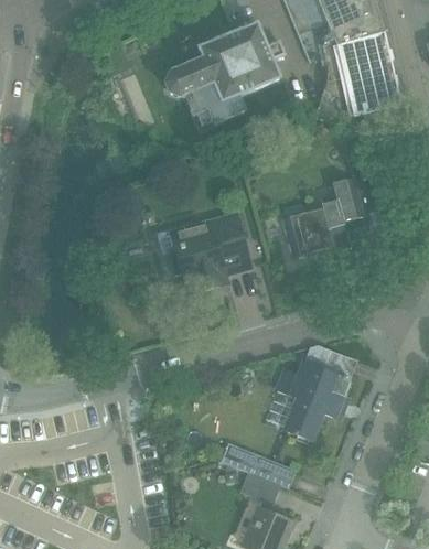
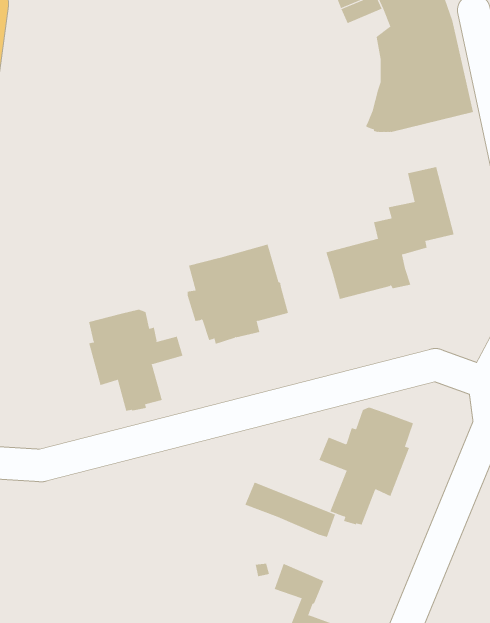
building: [165,25,283,119] -> none
building: none -> [89,309,183,412]
building: [219,441,293,486] -> [245,482,336,538]

